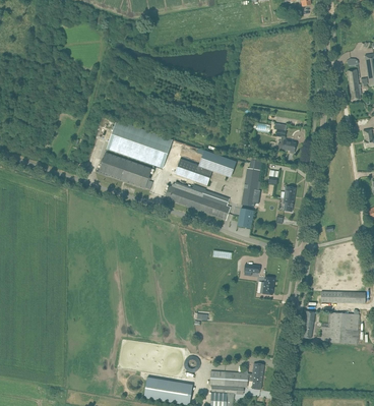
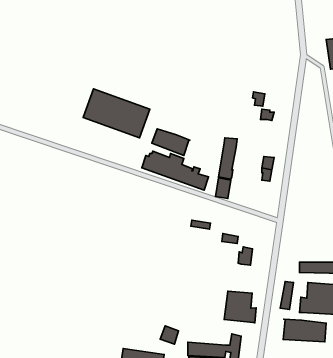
building: [199,150,236,177] -> none
building: [99,152,152,188] -> none
building: none -> [224,291,256,323]
building: none -> [283,319,326,342]

